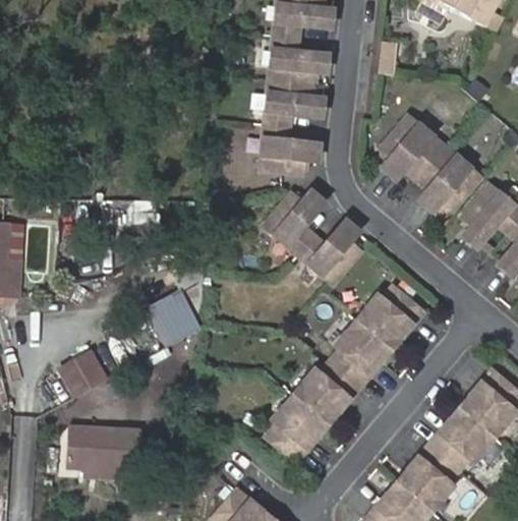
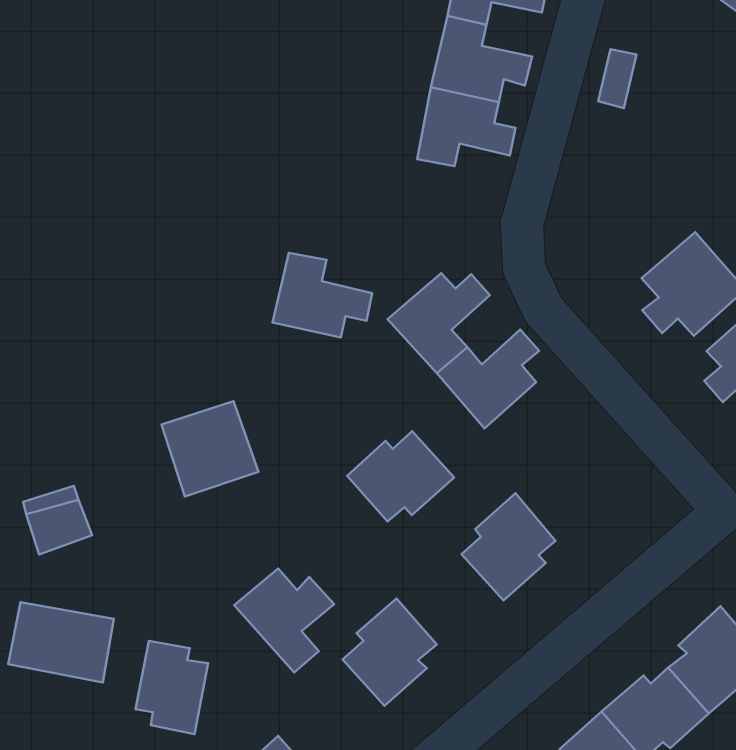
building: [381,114,445,177] -> none
building: [266,124,324,171] -> [272,253,372,337]
building: [358,286,423,344] -> none
building: [295,360,360,417] -> [347,431,454,522]
building: none -> [234,568,334,673]
building: none -> [135,641,208,734]

